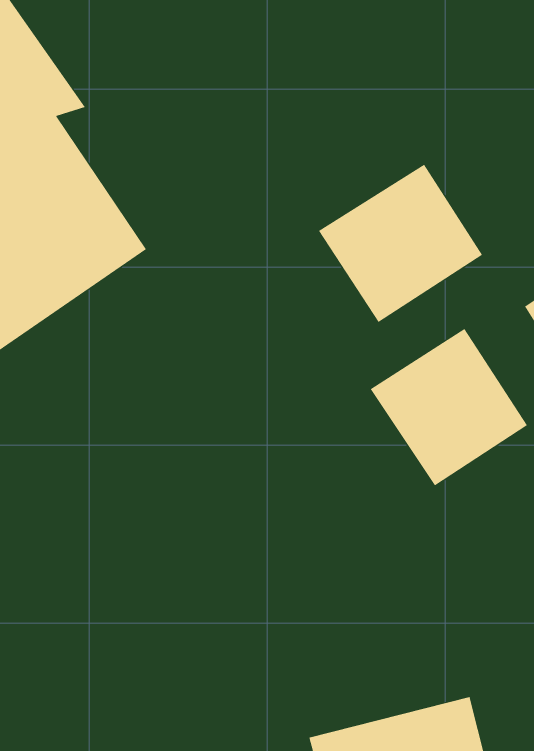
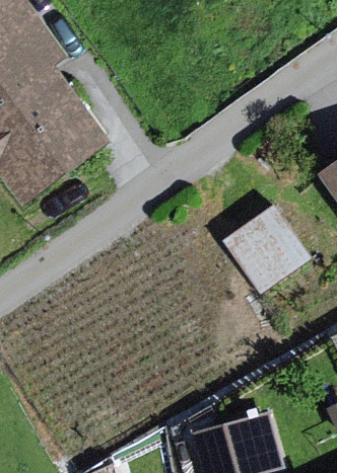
building: [318,164,483,323] -> none

